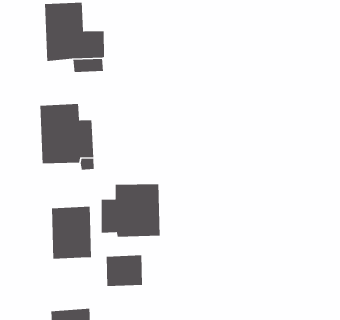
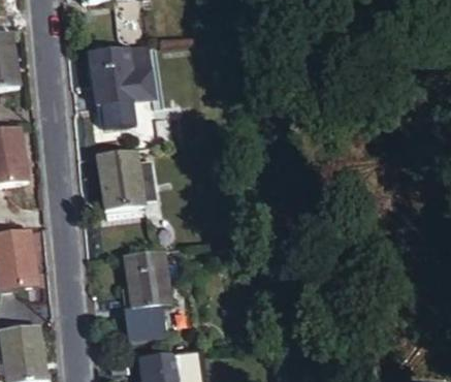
building: [101,183,160,237] -> none
building: [106,255,143,287] -> [125,301,166,339]

